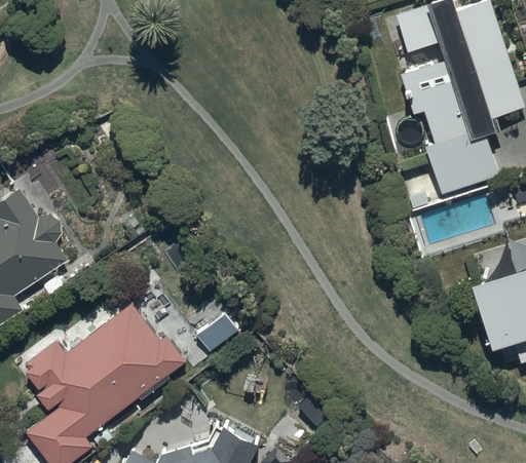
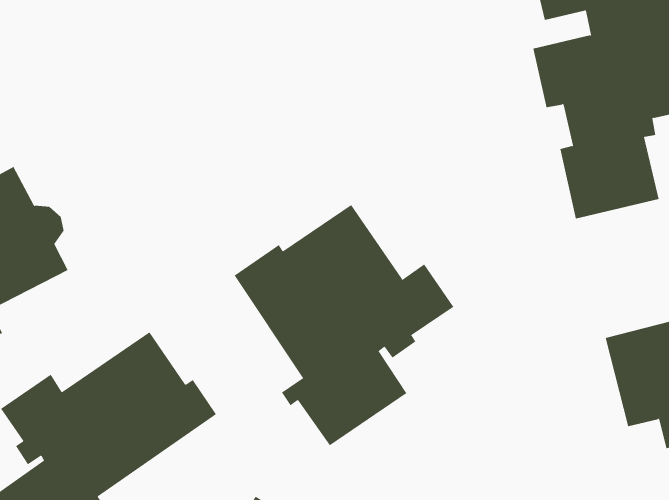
building: none -> [234,204,454,446]

